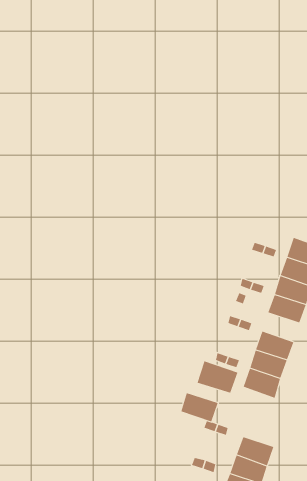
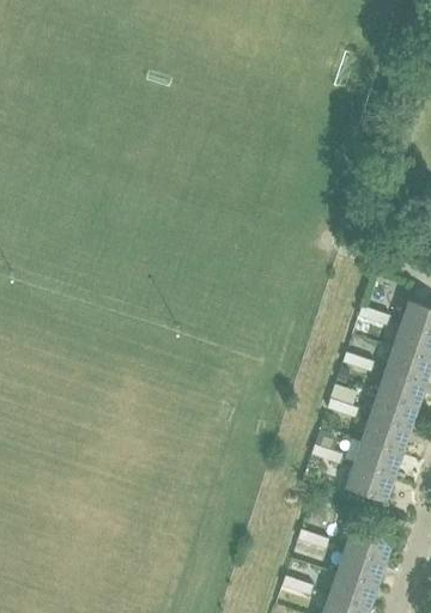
building: none -> [370,395,418,432]
building: [197,360,238,393] -> none
building: [180,393,218,422] -> [346,527,394,564]

